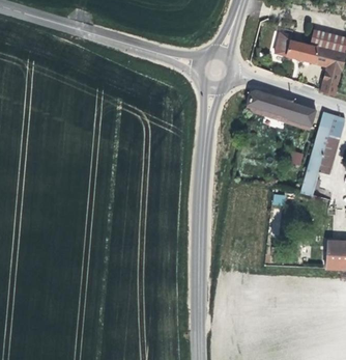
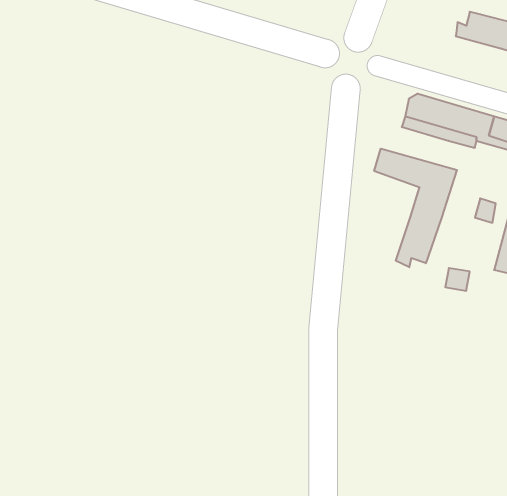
building: none -> [374,149,457,267]

